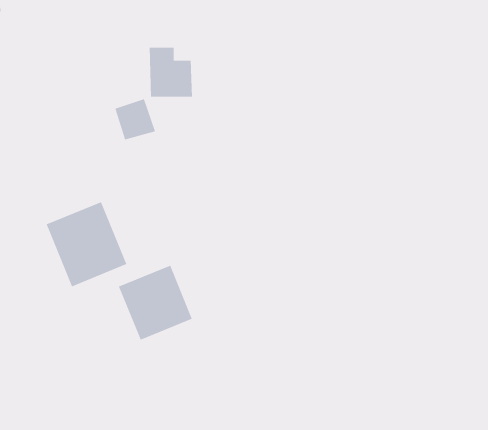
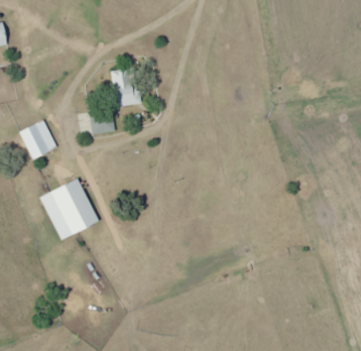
building: none -> [19,119,57,159]
building: [118,265,193,341] -> none

